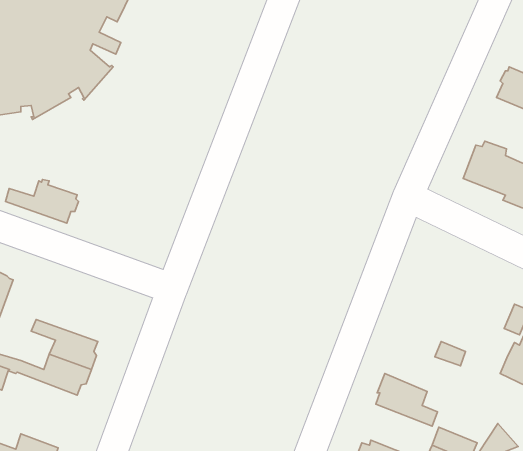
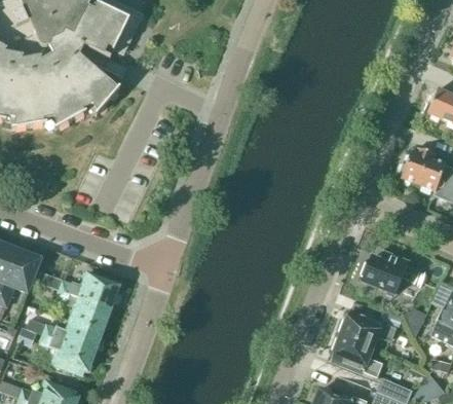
building: [5,180,79,223] -> [59,272,117,307]
building: none -> [361,253,423,293]
building: none -> [338,310,394,347]
building: none -> [39,332,91,373]

